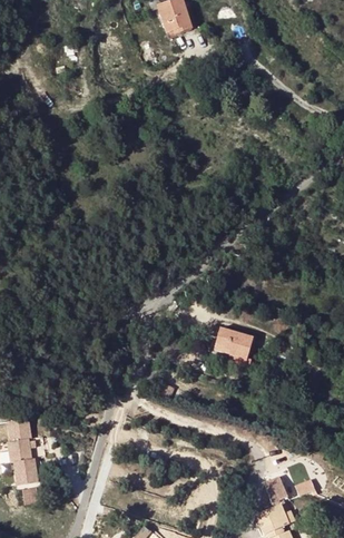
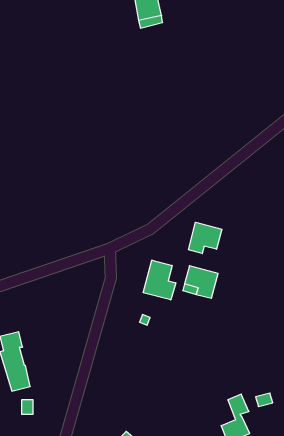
building: none -> [188,222,222,254]
building: none -> [143,260,176,300]

